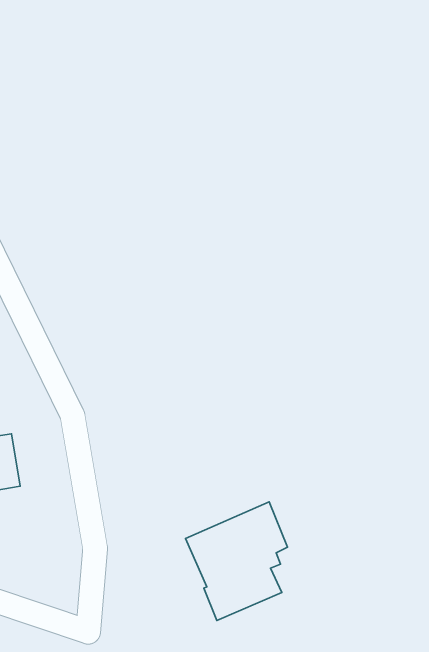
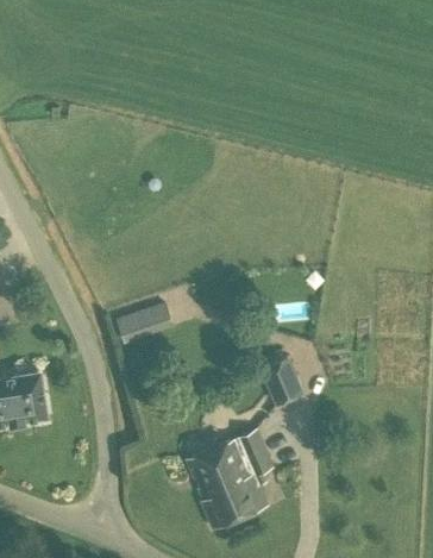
building: none -> [117,301,174,341]
building: none -> [261,356,302,403]

